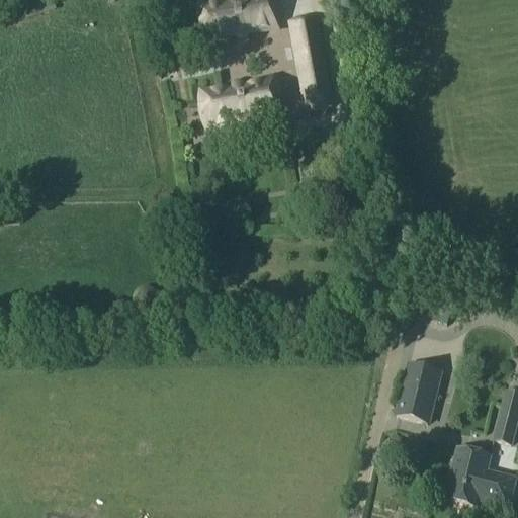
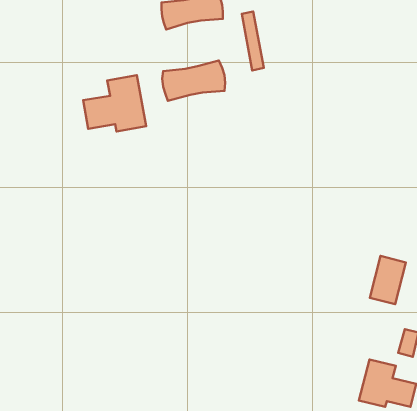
building: none -> [83,75,146,131]
building: [397,360,441,420] -> [370,256,406,304]

